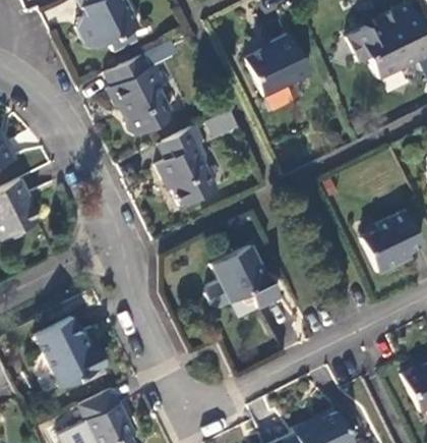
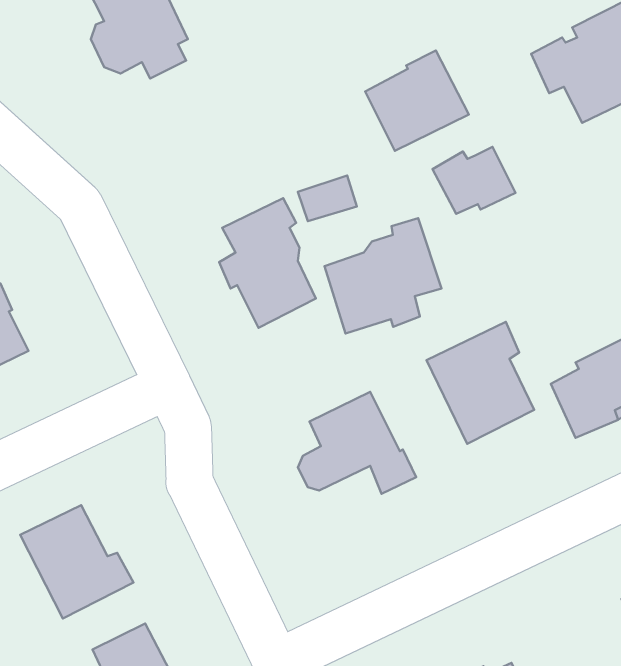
building: [107,54,173,135] -> none
building: none -> [432,147,516,214]
building: none -> [325,218,442,334]
building: none -> [427,322,534,444]

